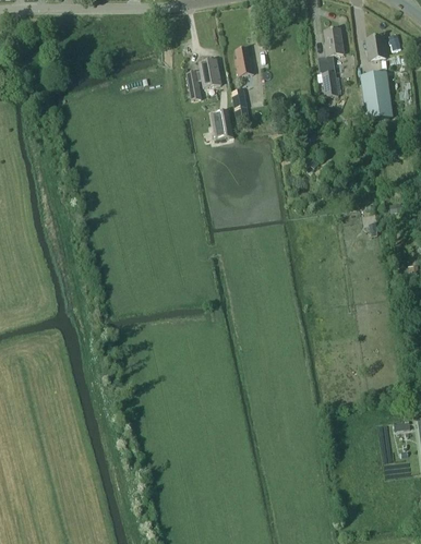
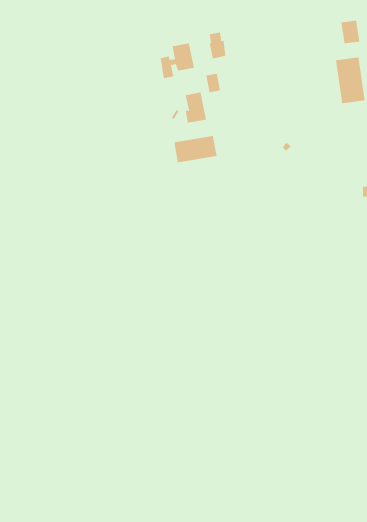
building: [318,27,344,96] -> none
building: none -> [174,135,217,163]

